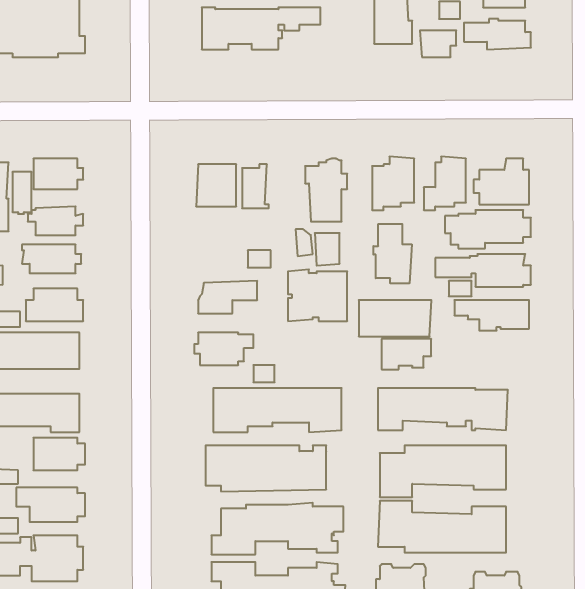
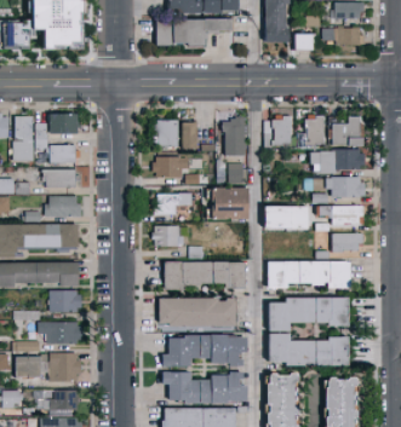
building: none -> [153,156,188,177]
building: [373,224,412,283] -> none
building: [382,339,431,369] -> [332,233,363,253]

